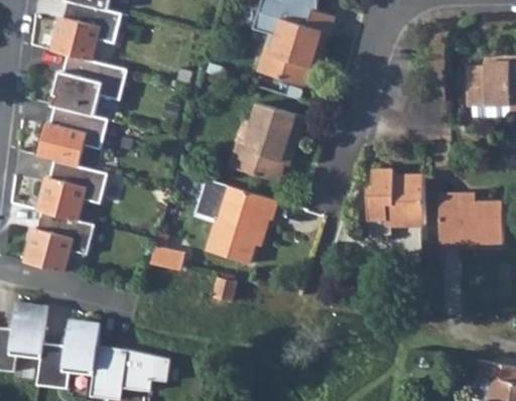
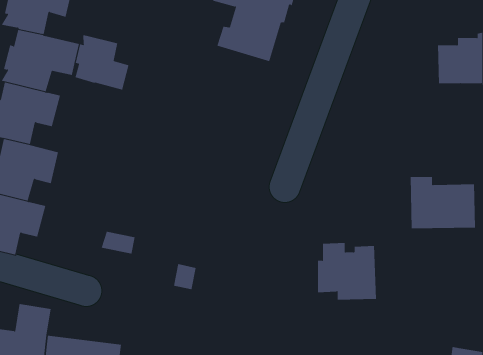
building: none -> [75,34,129,90]
building: [232,103,304,181] -> none
building: [371,170,428,226] -> [317,242,377,300]
building: [197,179,279,264] -> none

